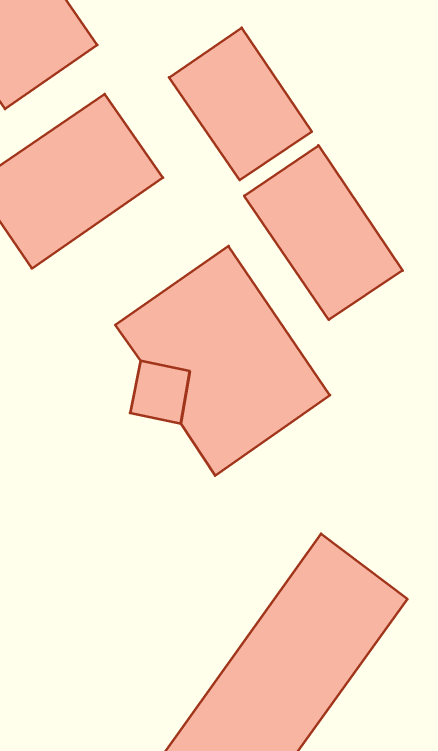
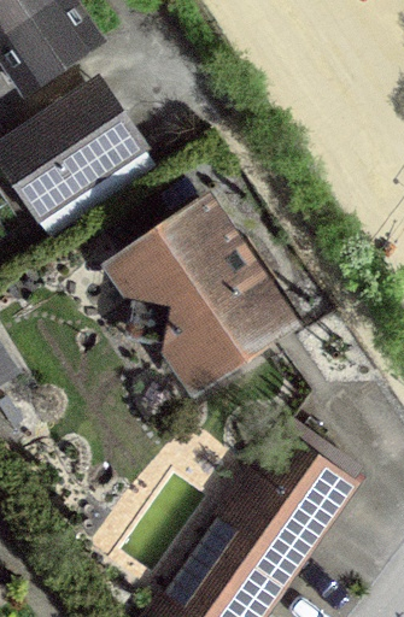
building: [169,28,312,180] -> none
building: [244,145,403,320] -> none

